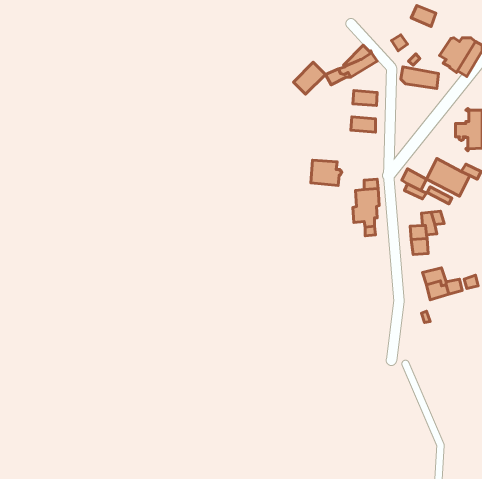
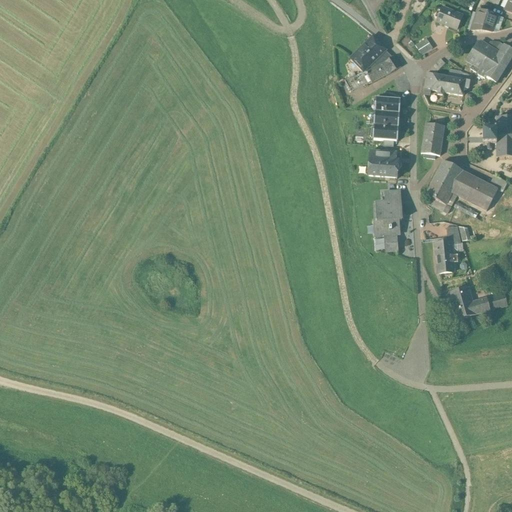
building: none -> [472,7,497,28]
building: [293,62,325,94] -> [351,35,385,69]
building: none -> [373,110,399,126]
building: none -> [421,121,444,154]
building: none -> [432,158,463,190]
building: [311,160,342,186] -> [368,150,401,177]

